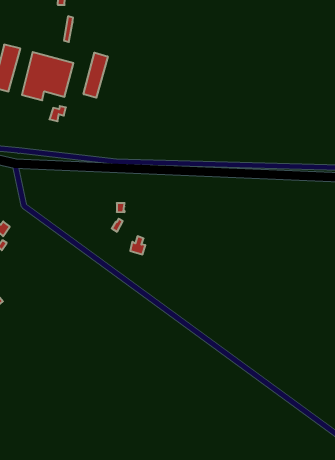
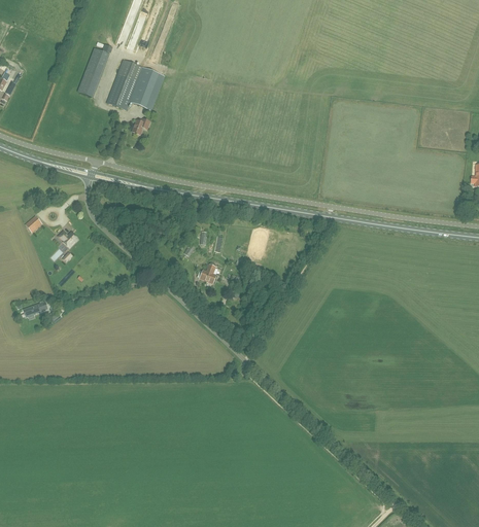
building: [84,53,108,98] -> none

